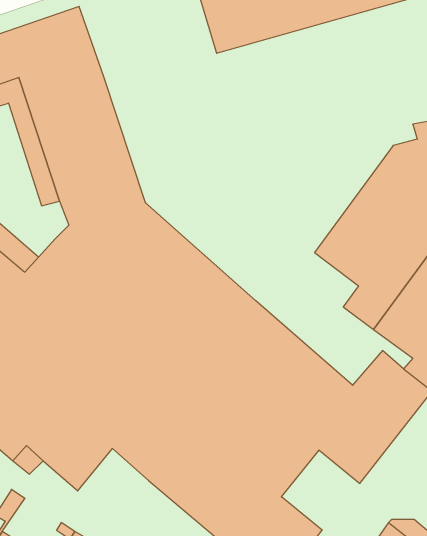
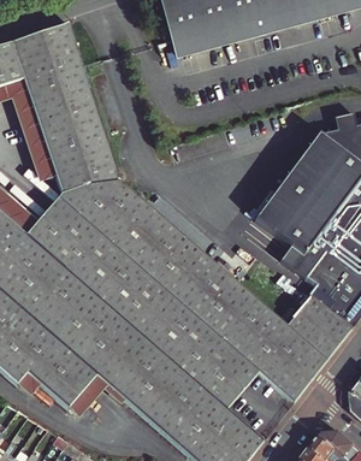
building: none -> [67,374,124,418]

